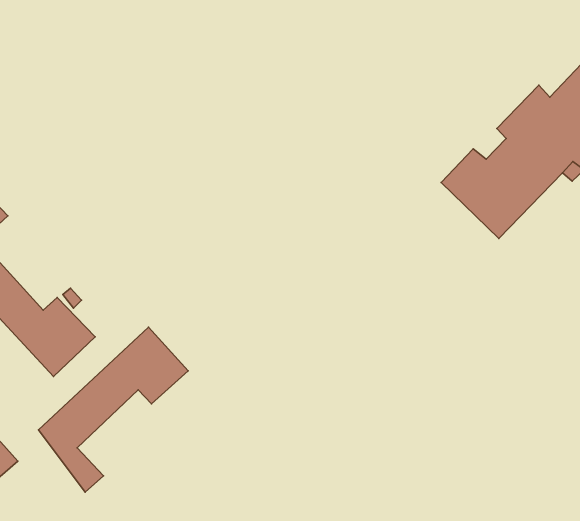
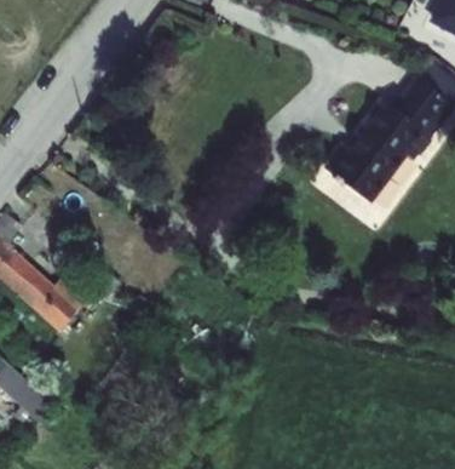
building: [38,327,188,492] -> none

